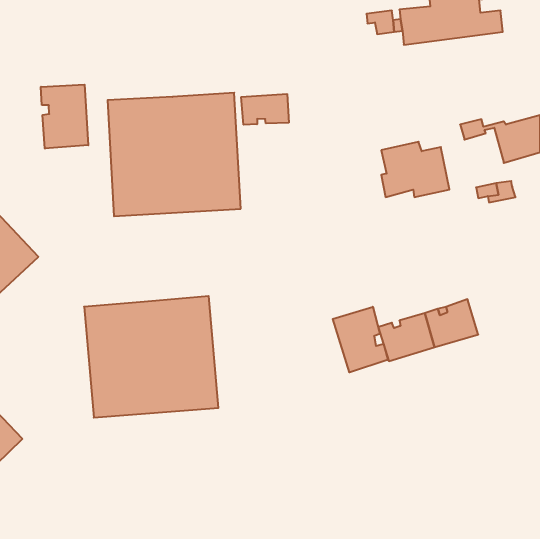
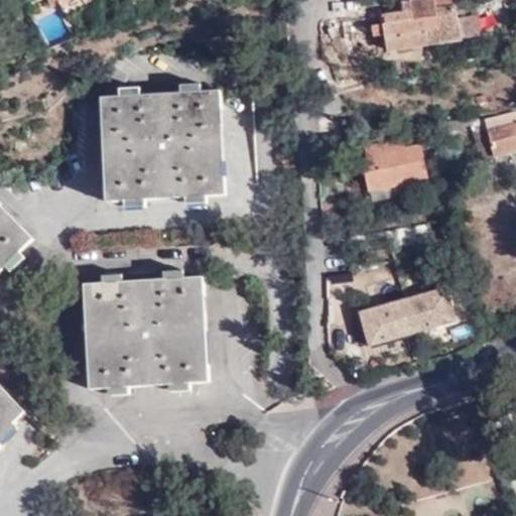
building: [41,85,88,149] -> none
building: [241,94,289,125] -> none
building: [333,307,388,372] -> none

